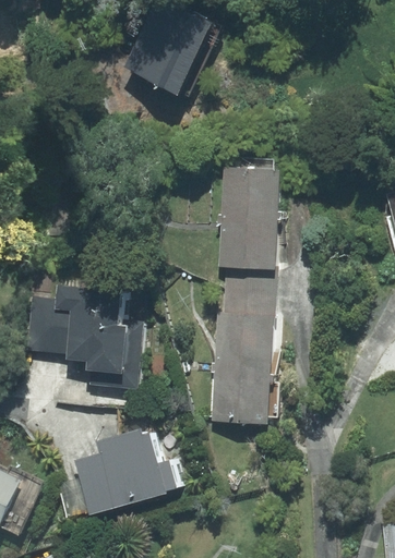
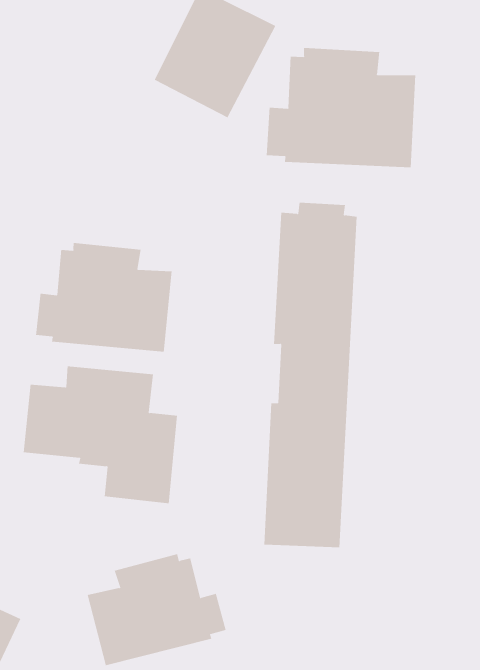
building: none -> [266,47,416,168]
building: none -> [36,242,172,353]

